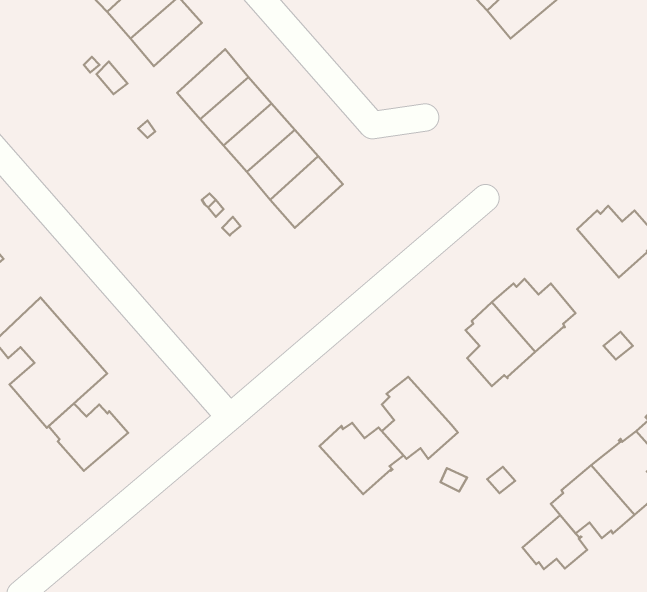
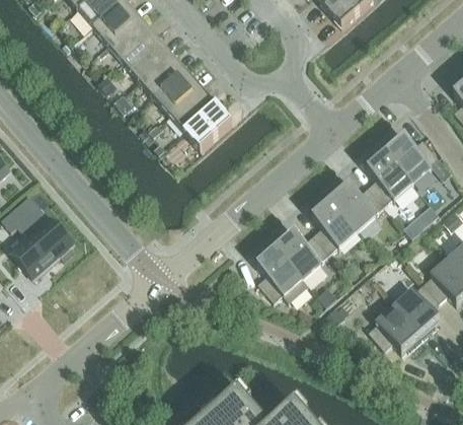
building: none -> [107,15,154,61]
building: none -> [366,150,411,205]
building: [49,404,128,471] -> none
building: [320,423,403,494] -> [274,231,328,278]
building: [522,515,587,569] -> none

